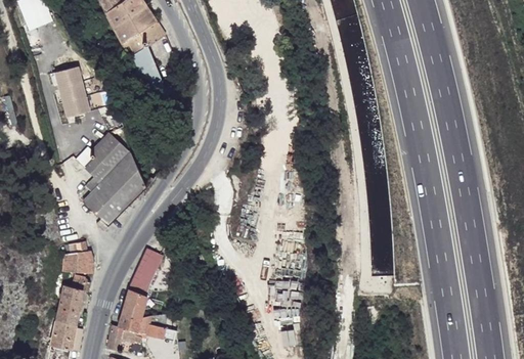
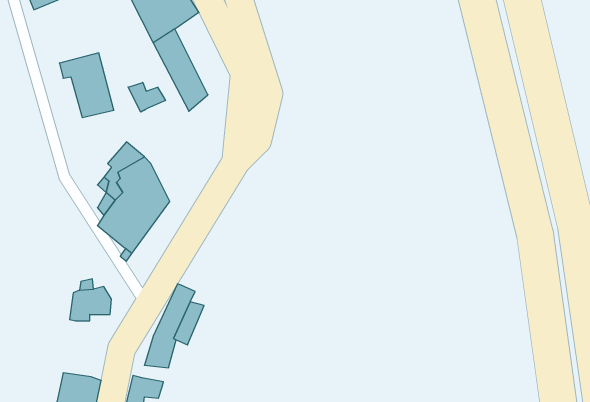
building: none -> [128,82,165,112]
building: [55,279,89,324] -> none
building: [119,313,168,339] -> none

